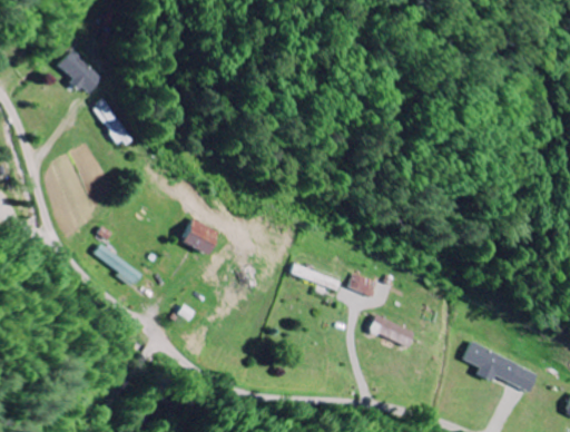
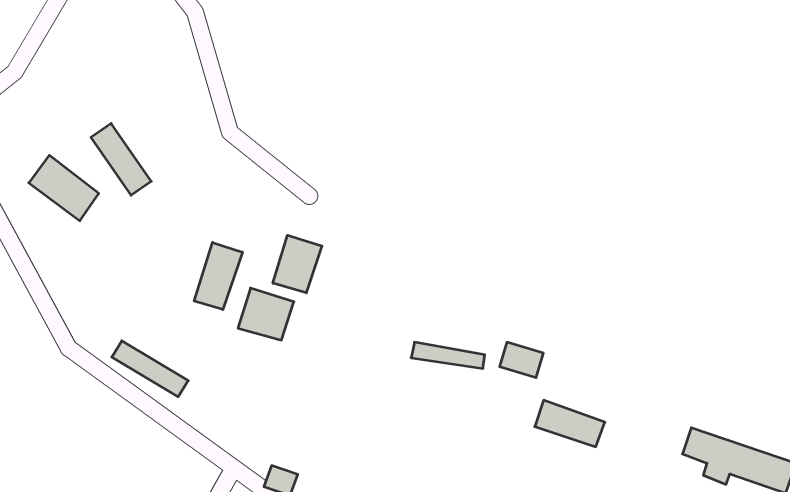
building: [56,49,101,95] -> [29,155,99,221]
building: none -> [194,242,242,310]
building: none -> [273,235,322,293]

